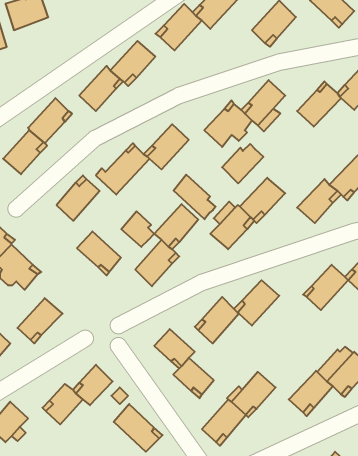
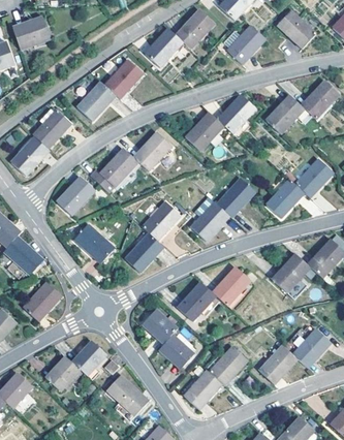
building: [222,144,263,183] -> none
building: [174,175,216,219] -> none
building: [121,211,154,247] -> none

